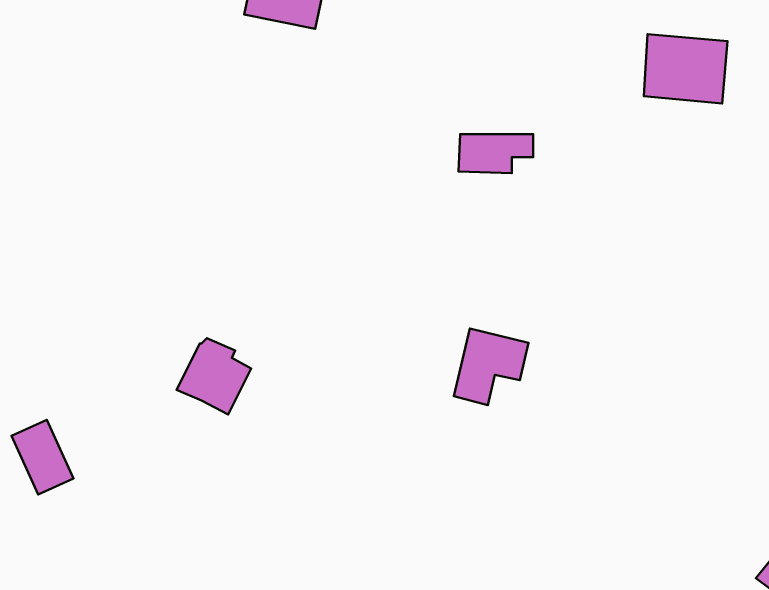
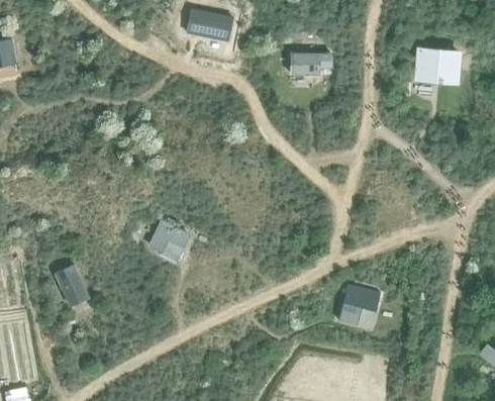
building: [458,134,533,173] -> [289,55,331,77]
building: [454,329,529,405] -> [337,283,380,326]

